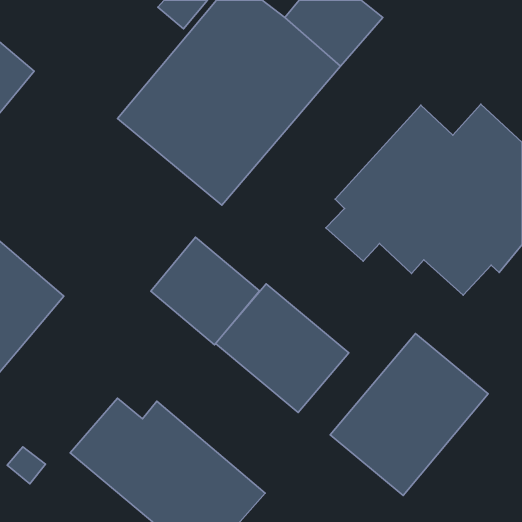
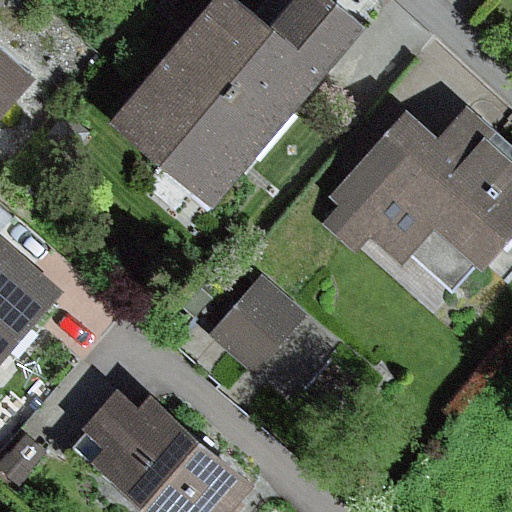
building: [151,237,260,345] -> none
building: [330,333,488,495] -> none

